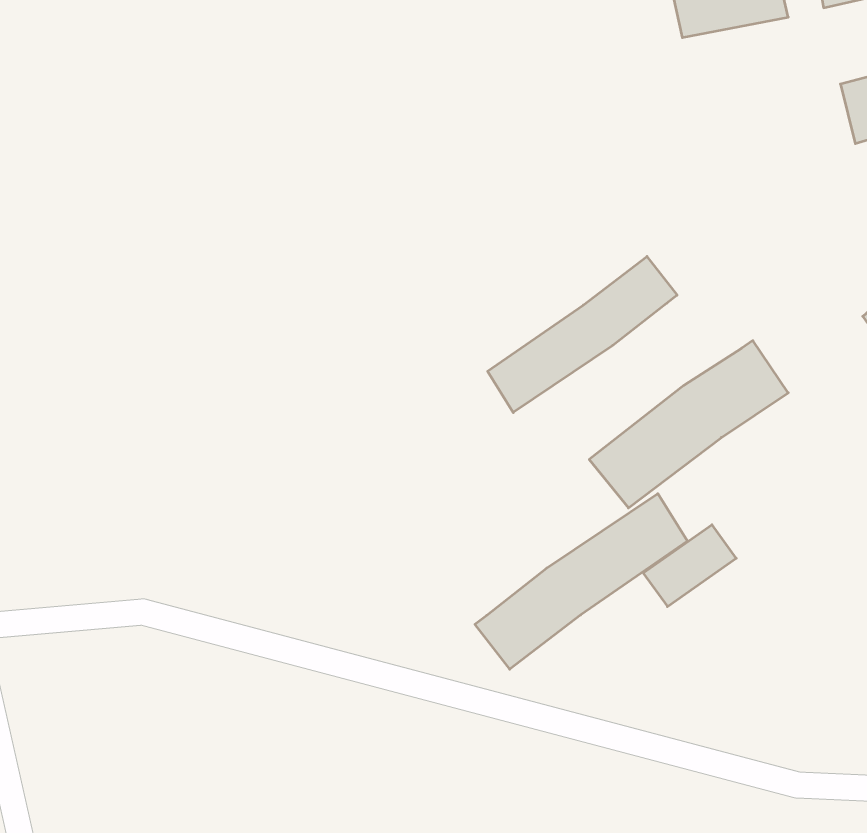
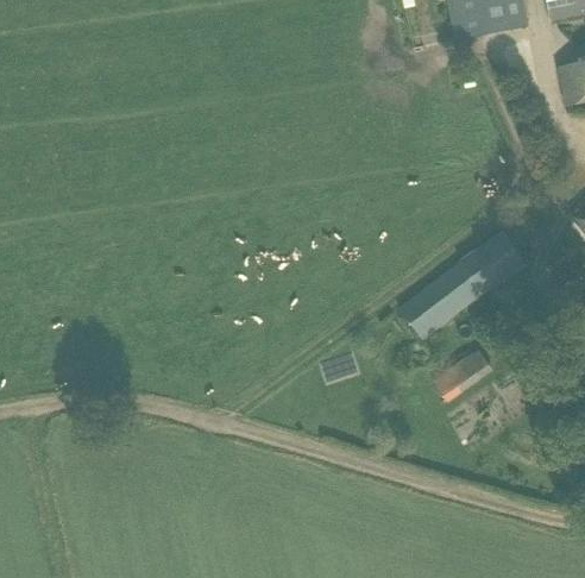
building: [488,256,677,413] -> none
building: [475,494,687,669] -> none

